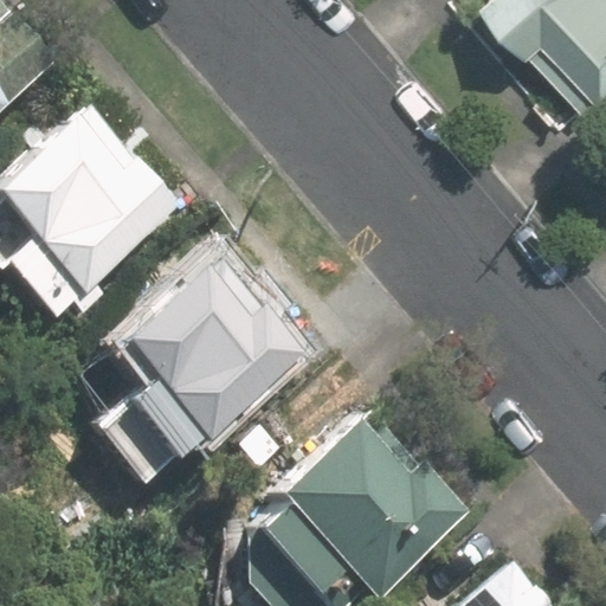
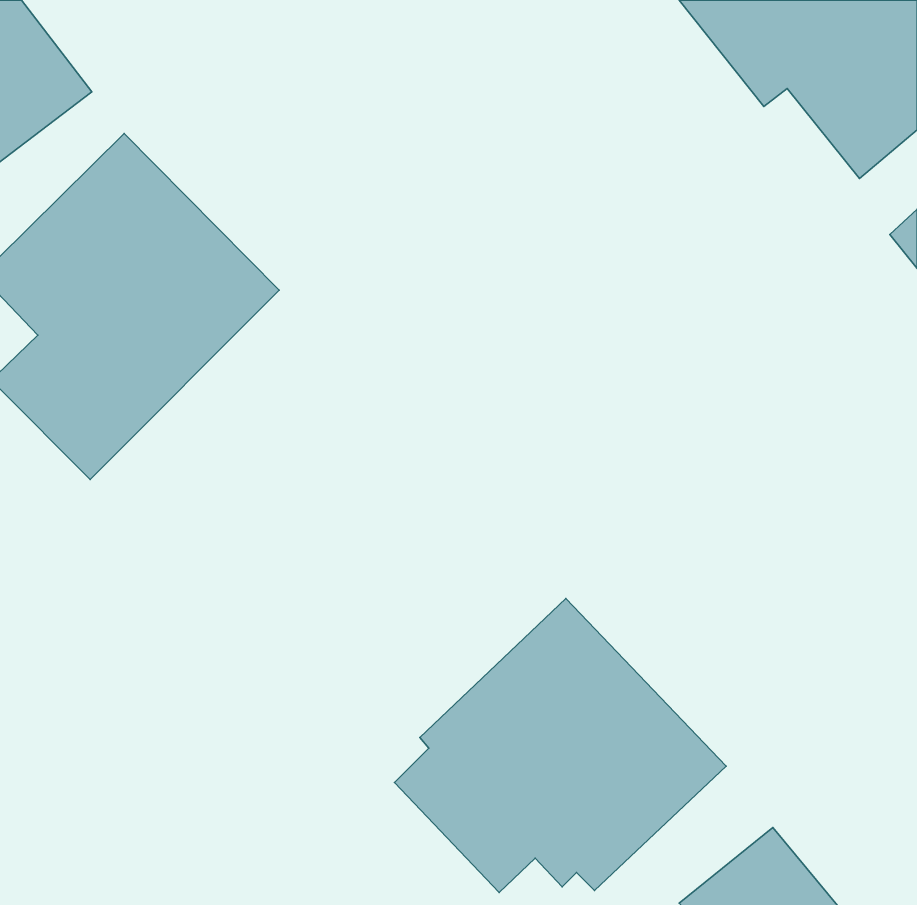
building: [109,252,305,469] -> none

